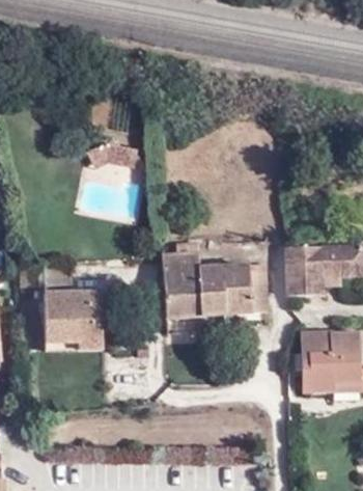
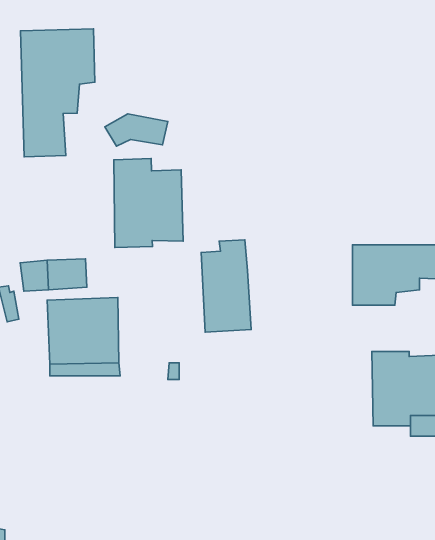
building: none -> [21,29,95,157]
building: none -> [114,159,183,248]
building: [201,266,268,317] -> none

